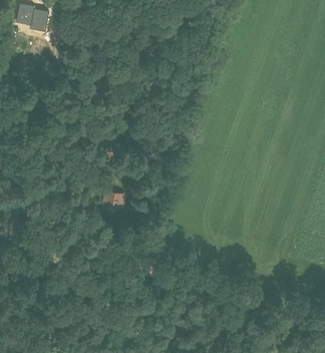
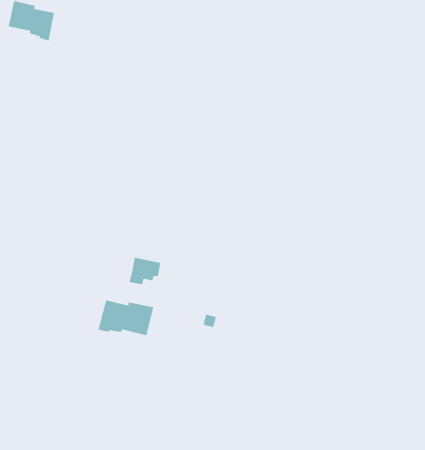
building: none -> [97,299,154,336]

